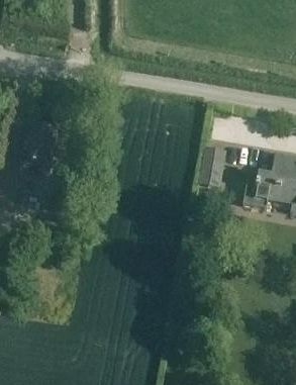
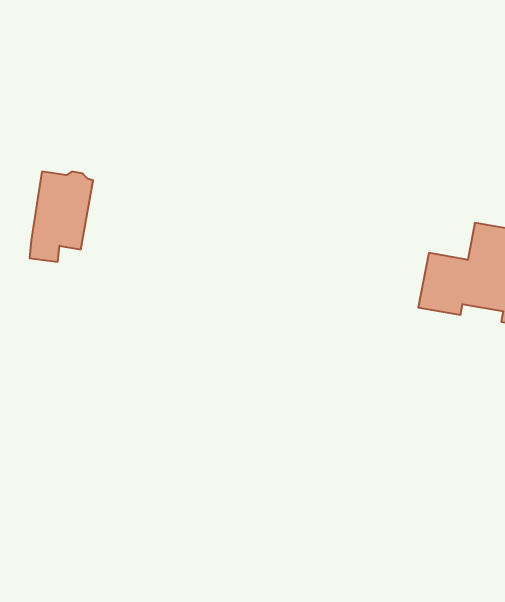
building: [199,147,227,187] -> none

